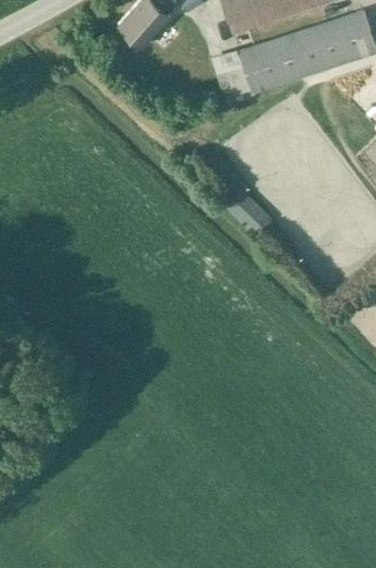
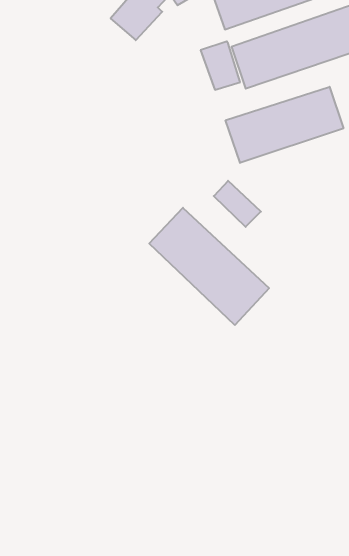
building: none -> [226,87,343,163]
building: none -> [149,208,269,325]

